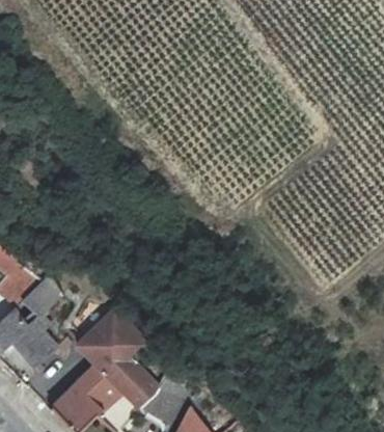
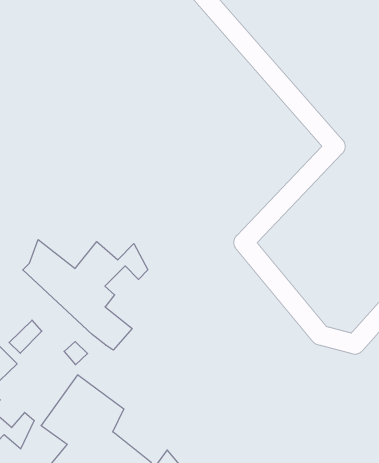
building: none -> [23,240,148,350]

